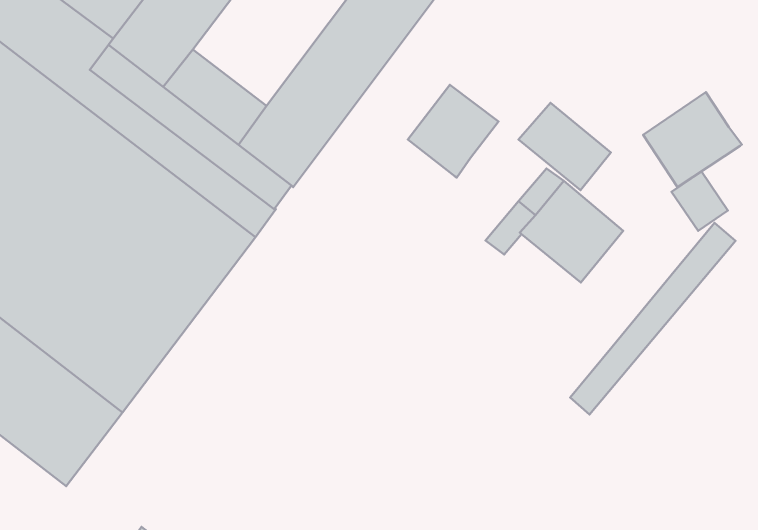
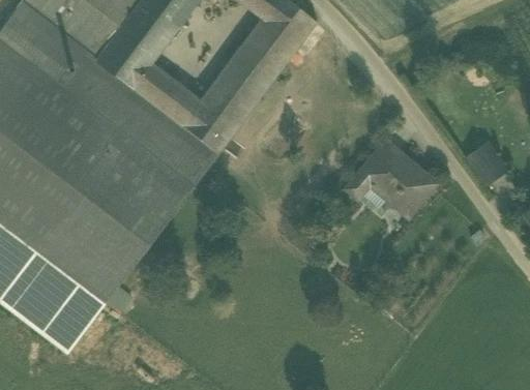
building: [408,85,498,178] -> none
building: [643,92,742,187] -> none
building: [519,103,611,190] -> none
building: [570,223,736,414] -> none

